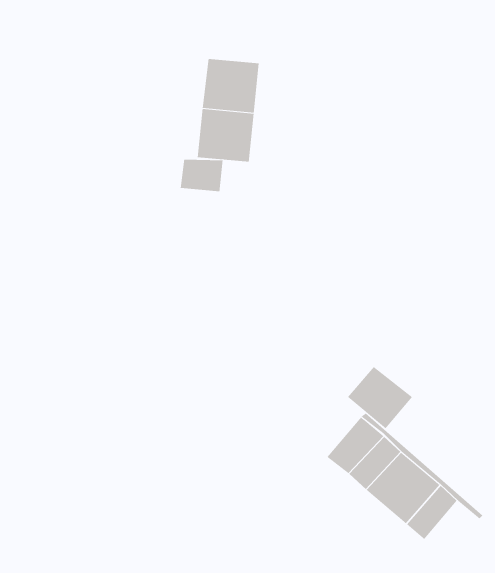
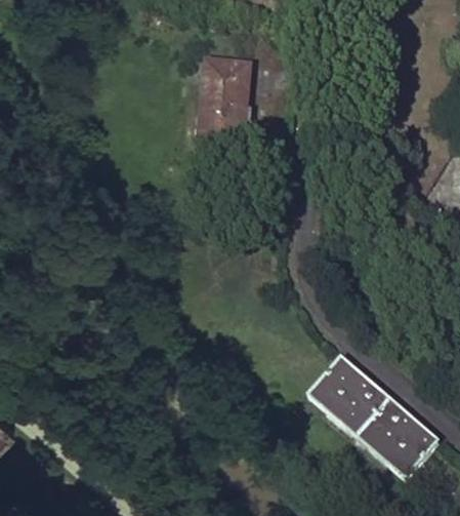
building: [180,159,223,192] -> none
building: [347,366,413,429] -> none
building: none -> [389,428,435,475]

